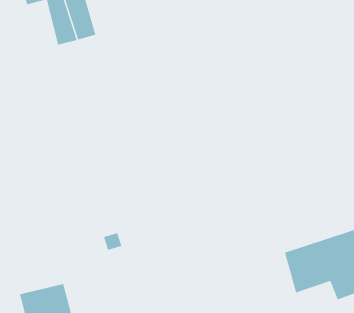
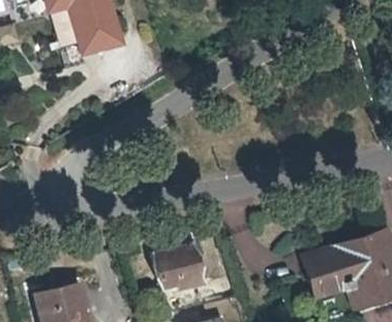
building: none -> [154,242,206,289]

